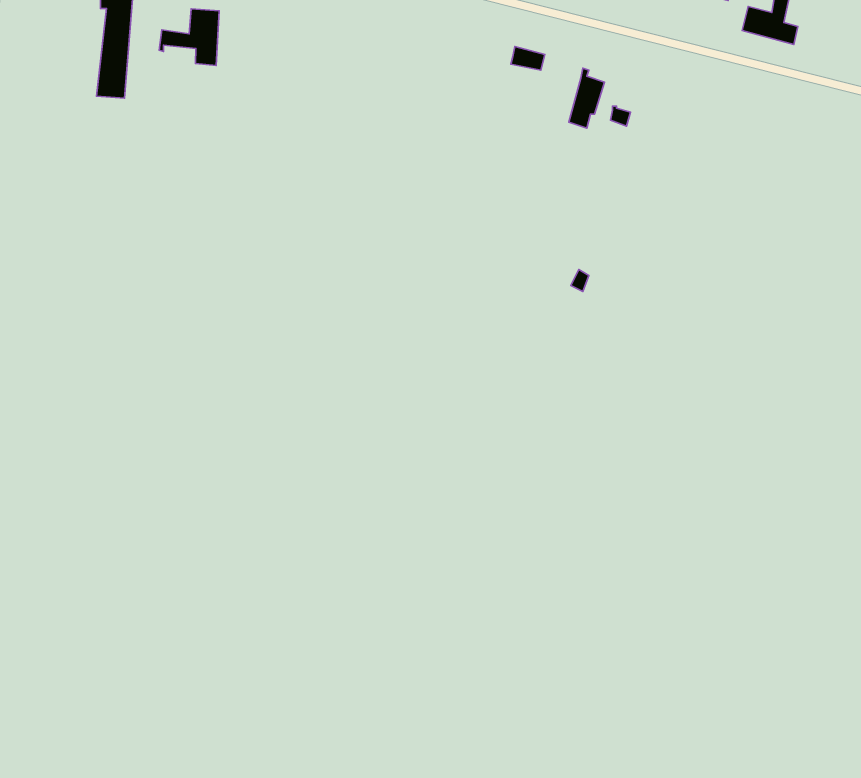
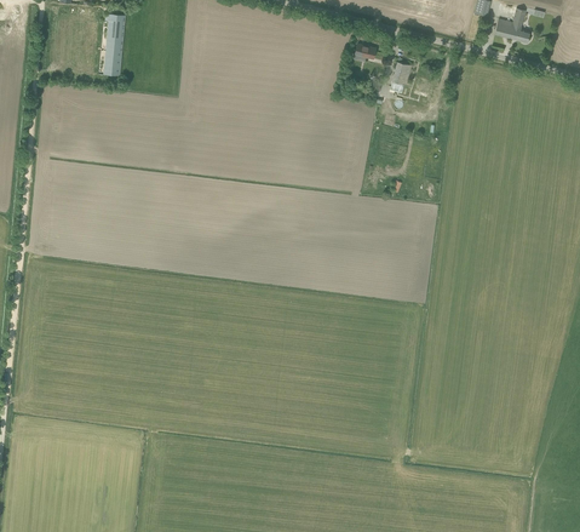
building: [159,9,219,65] -> none

